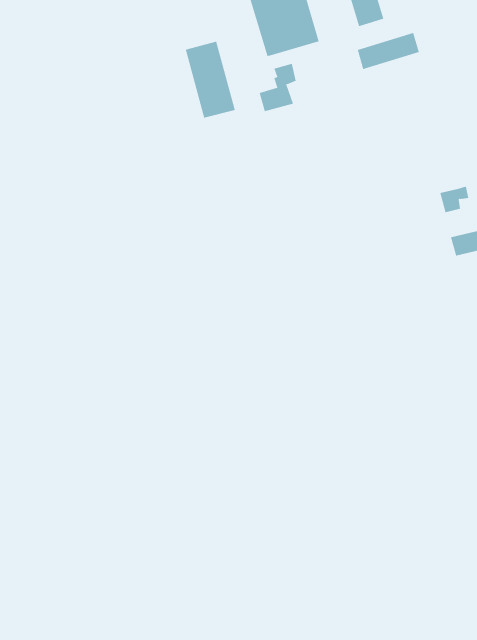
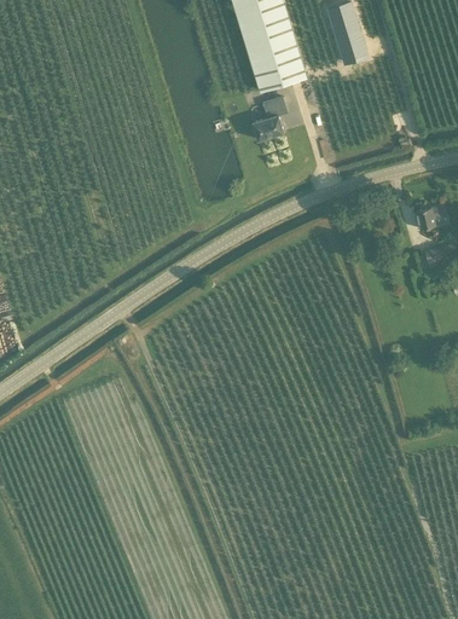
building: [357,32,419,70] -> none
building: [185,41,235,119] -> none

